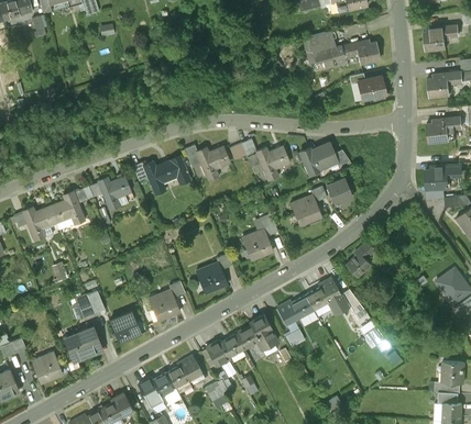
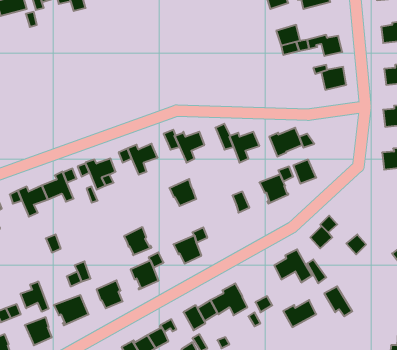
building: [242,228,272,258] -> [169,179,196,206]
building: none -> [124,227,151,255]
building: [277,294,314,324] -> [283,300,316,327]
building: none -> [21,281,49,312]

